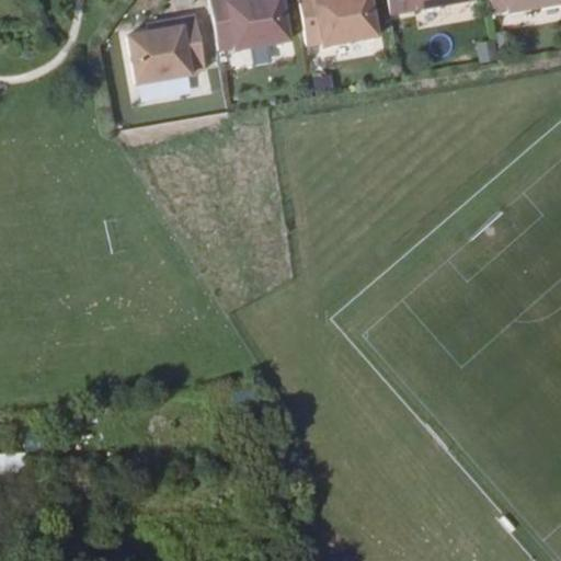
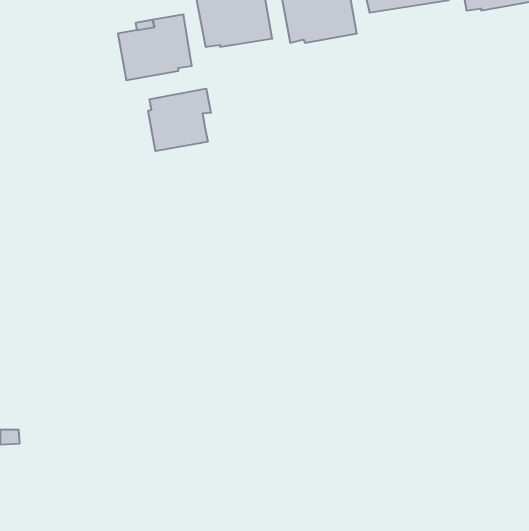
building: none -> [148,89,211,151]

